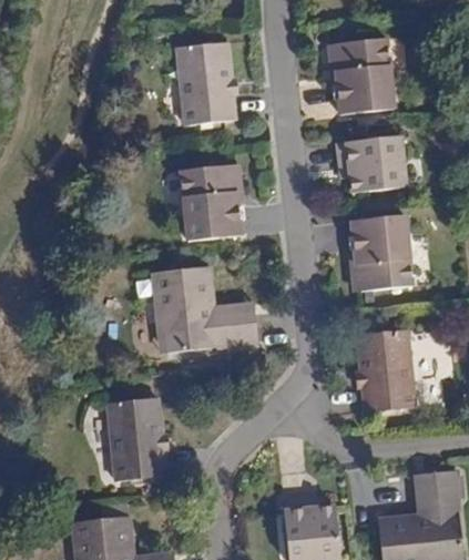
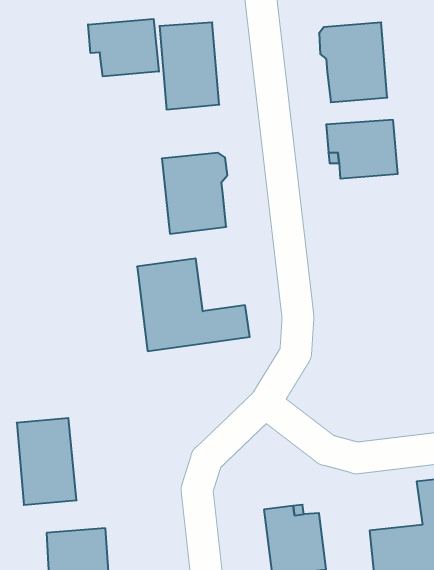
building: none -> [88,19,159,76]
building: [347,217,408,293] -> none
building: [355,329,411,411] -> none
building: [105,399,162,481] -> [17,418,77,505]

